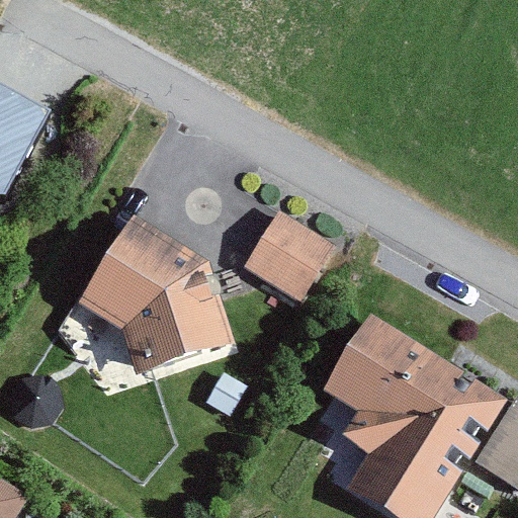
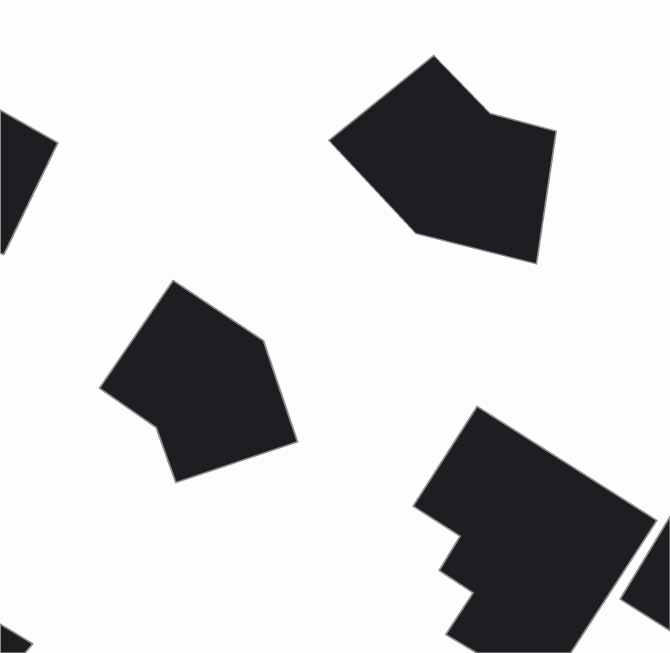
building: none -> [329,55,556,264]
building: [244,211,336,303] -> none

